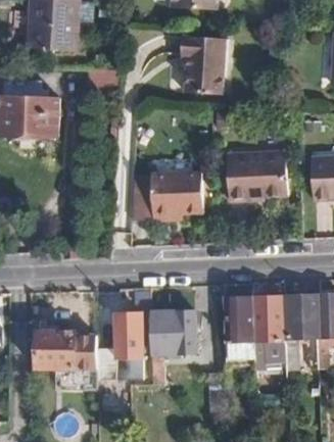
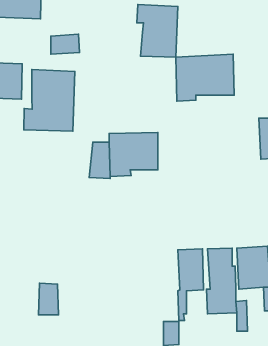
building: none -> [24,69,75,131]
building: [225,152,287,202] -> [176,54,234,101]
building: [149,310,194,385] -> none
building: [115,312,143,375] -> none
building: [38,330,76,367] -> none

